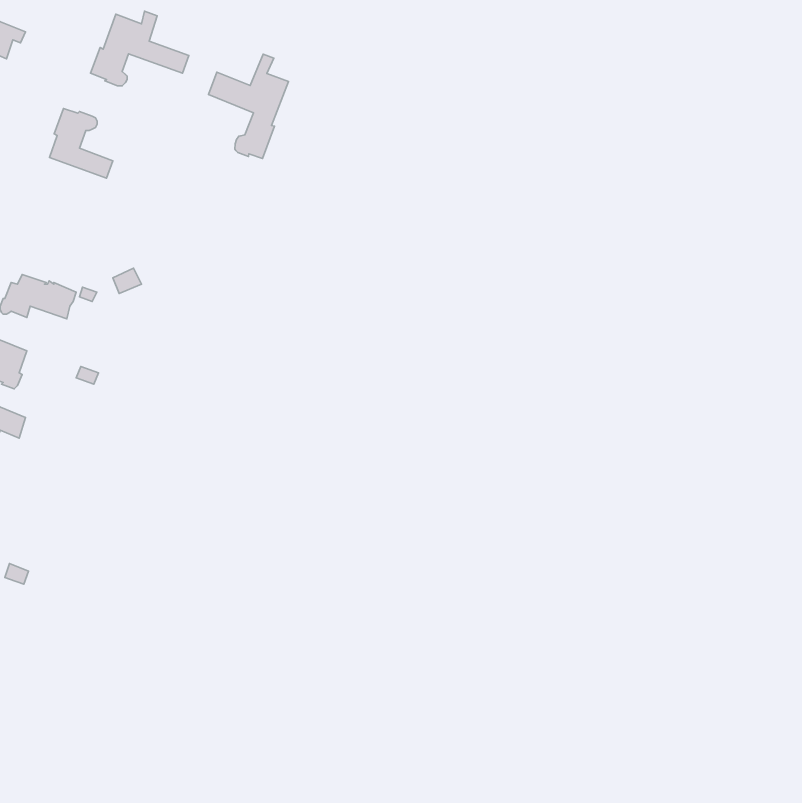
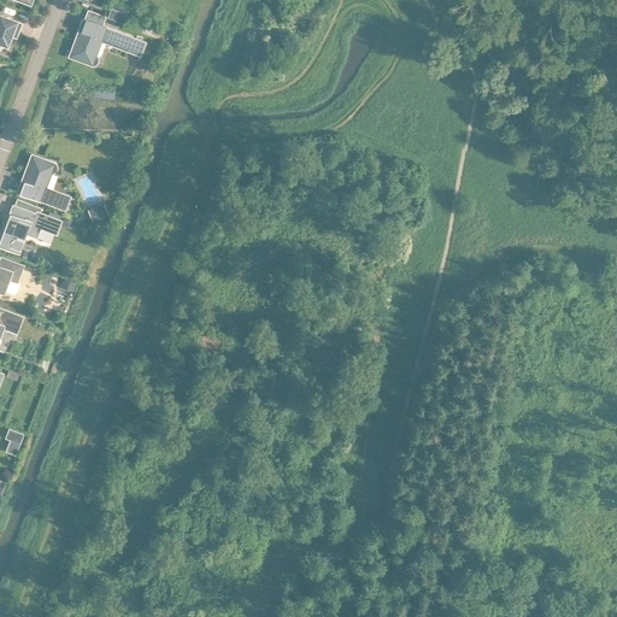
building: [208,54,289,159] -> none
building: [49,108,113,178] -> [19,157,67,210]

